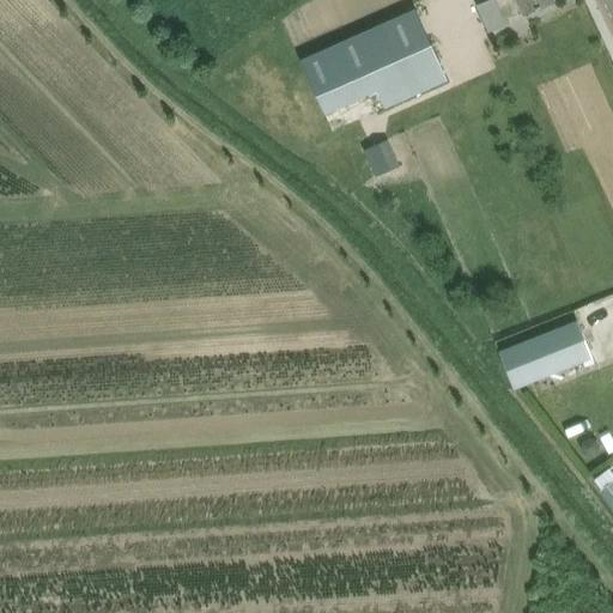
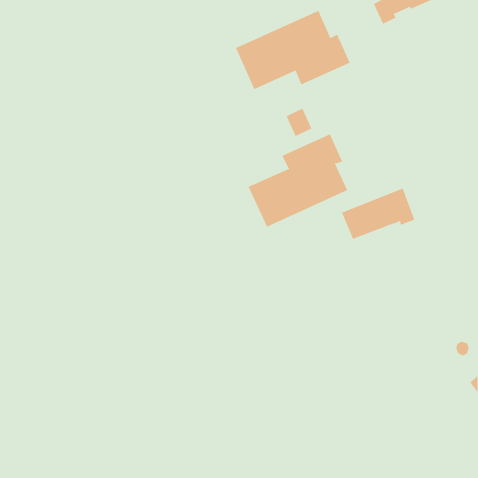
building: none -> [248,134,348,227]
building: [500,321,595,387] -> [341,188,415,240]

